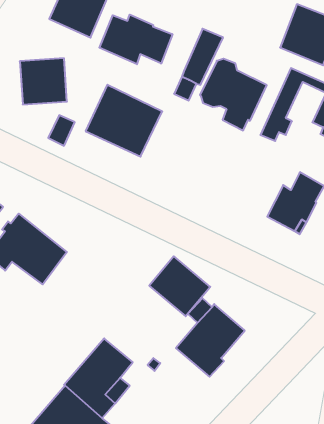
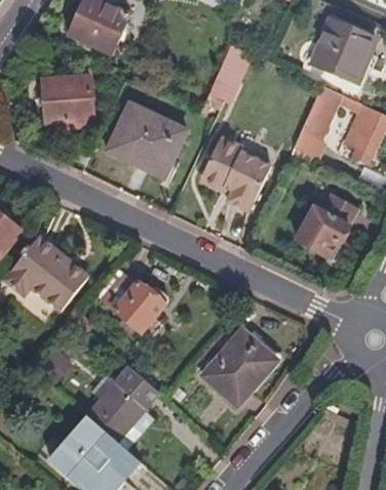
building: [99,15,172,64] -> none
building: [200,59,267,130] -> [202,139,272,214]
building: [149,256,210,316] -> [98,274,161,336]

